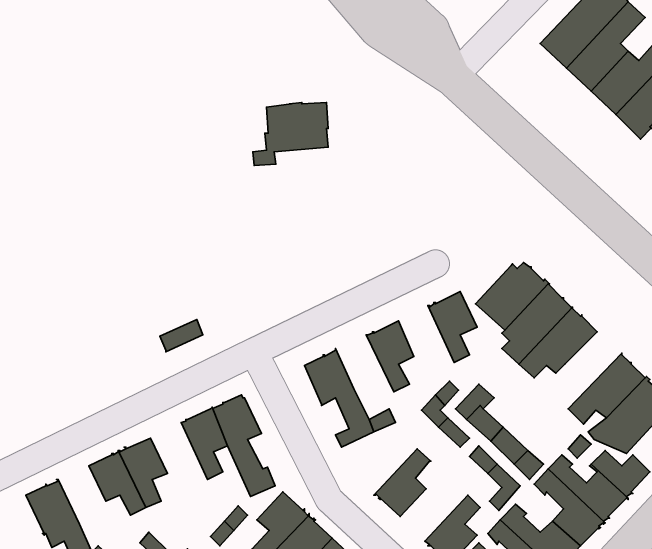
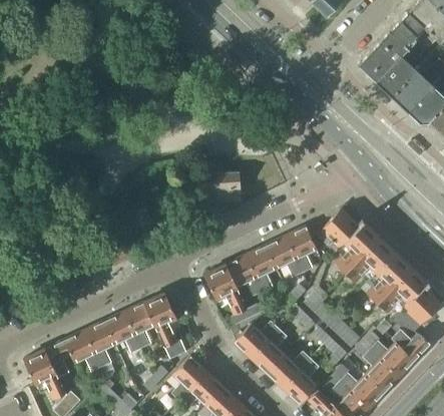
building: [253,102,328,166] -> [190,171,240,213]
building: none -> [267,235,303,277]
building: none -> [367,252,412,302]
building: none -> [226,254,264,296]
building: none -> [105,311,142,352]
building: none -> [235,320,279,358]
building: none -> [45,339,76,377]
building: none -> [268,350,312,388]

